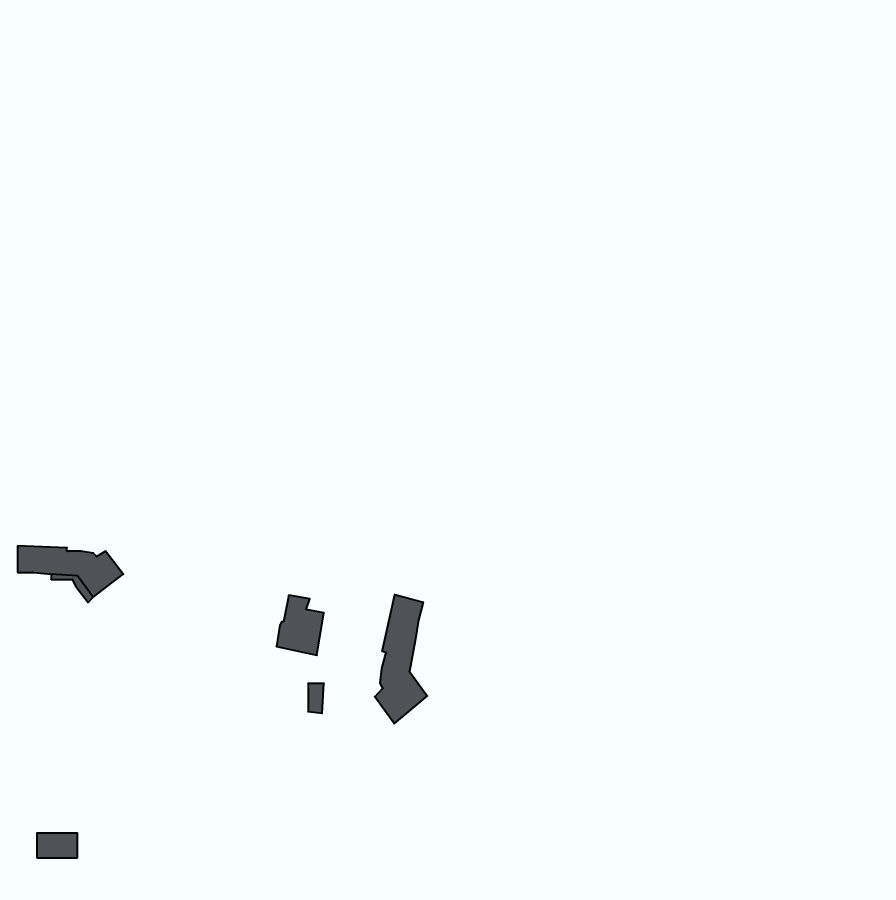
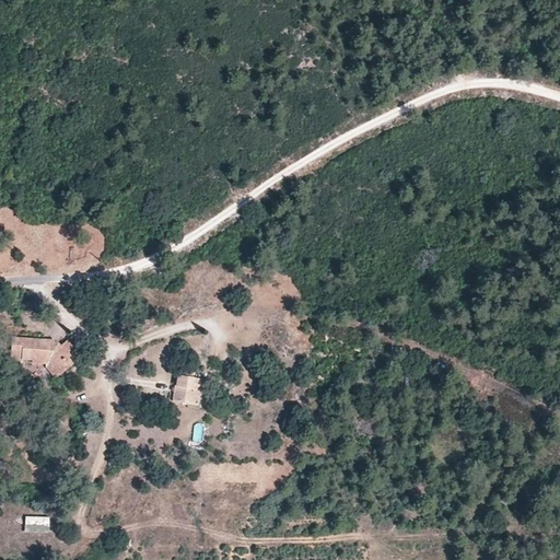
building: [375,594,427,724] -> none

